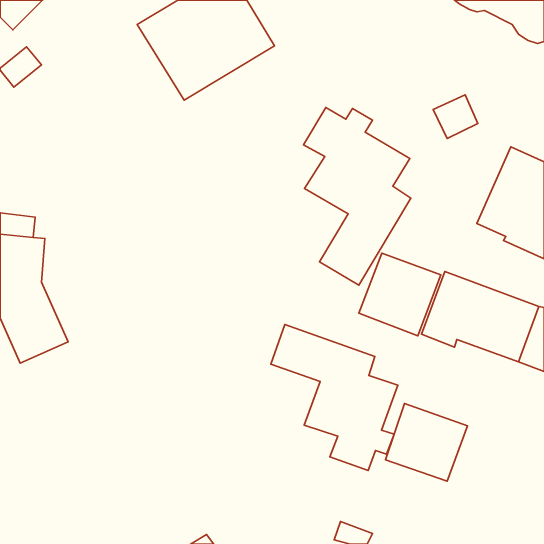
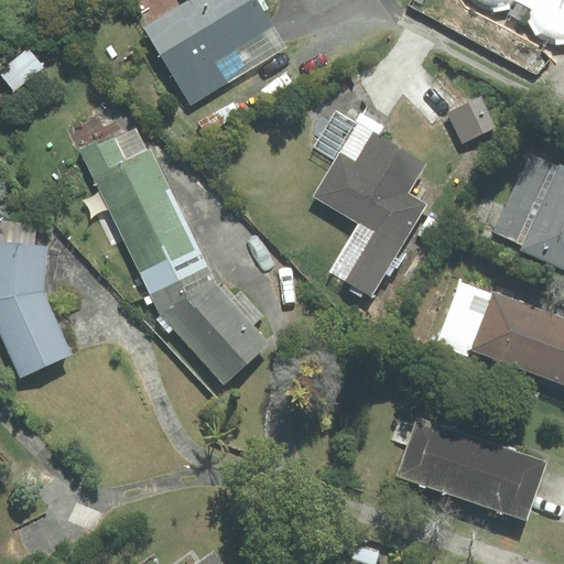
building: none -> [85,140,267,380]
building: [359,253,441,336] -> none
building: [271,325,398,470] -> none
building: none -> [463,441,546,520]

